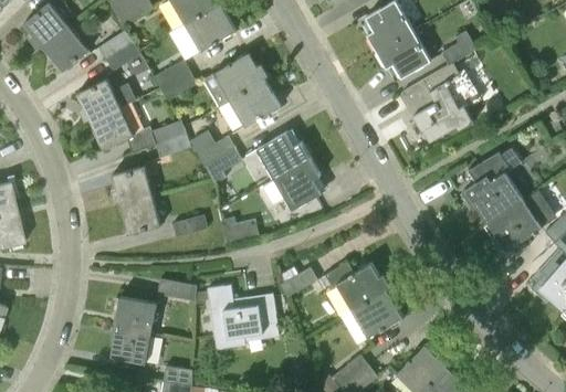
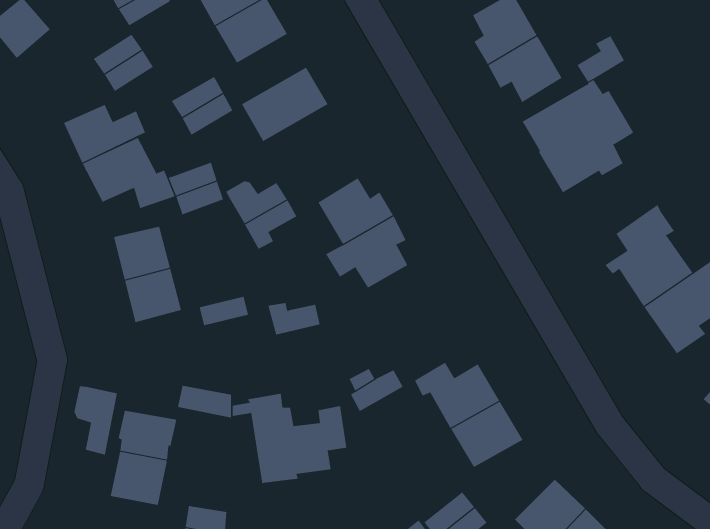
building: [43,27,87,72] -> none
building: [228,80,280,127] -> none
building: none -> [74,385,117,455]

